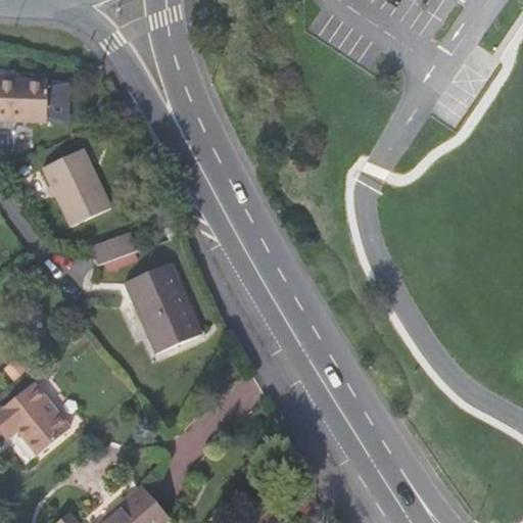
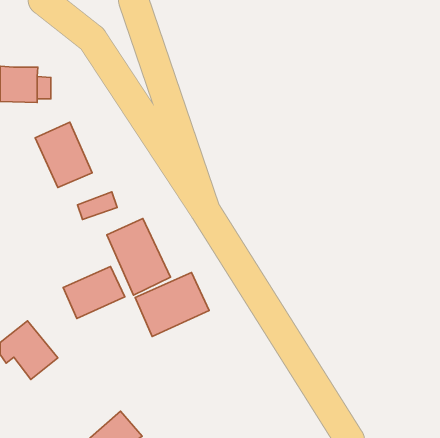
building: none -> [63,266,125,319]
building: none -> [135,273,209,336]

